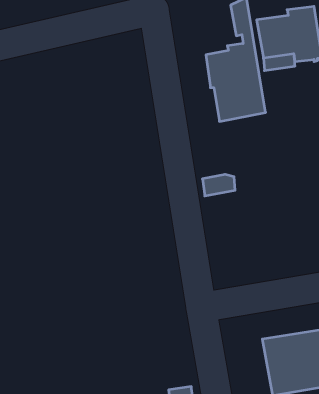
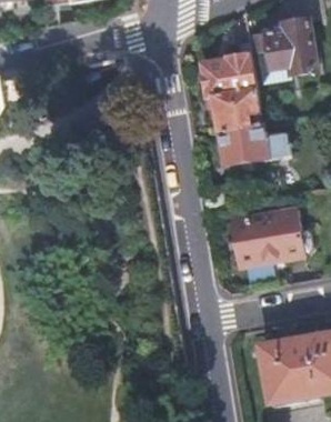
building: none -> [218,124,289,165]
building: none -> [231,205,304,263]

